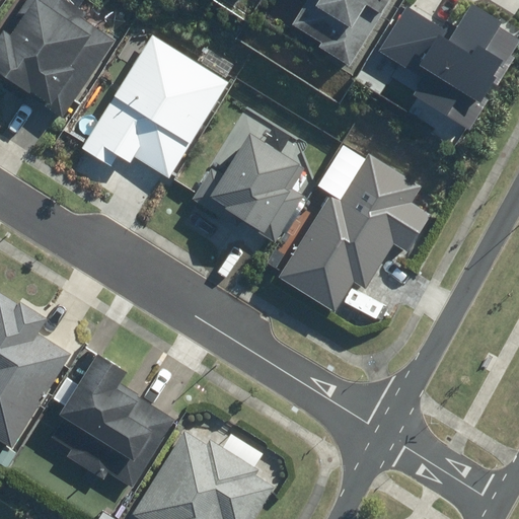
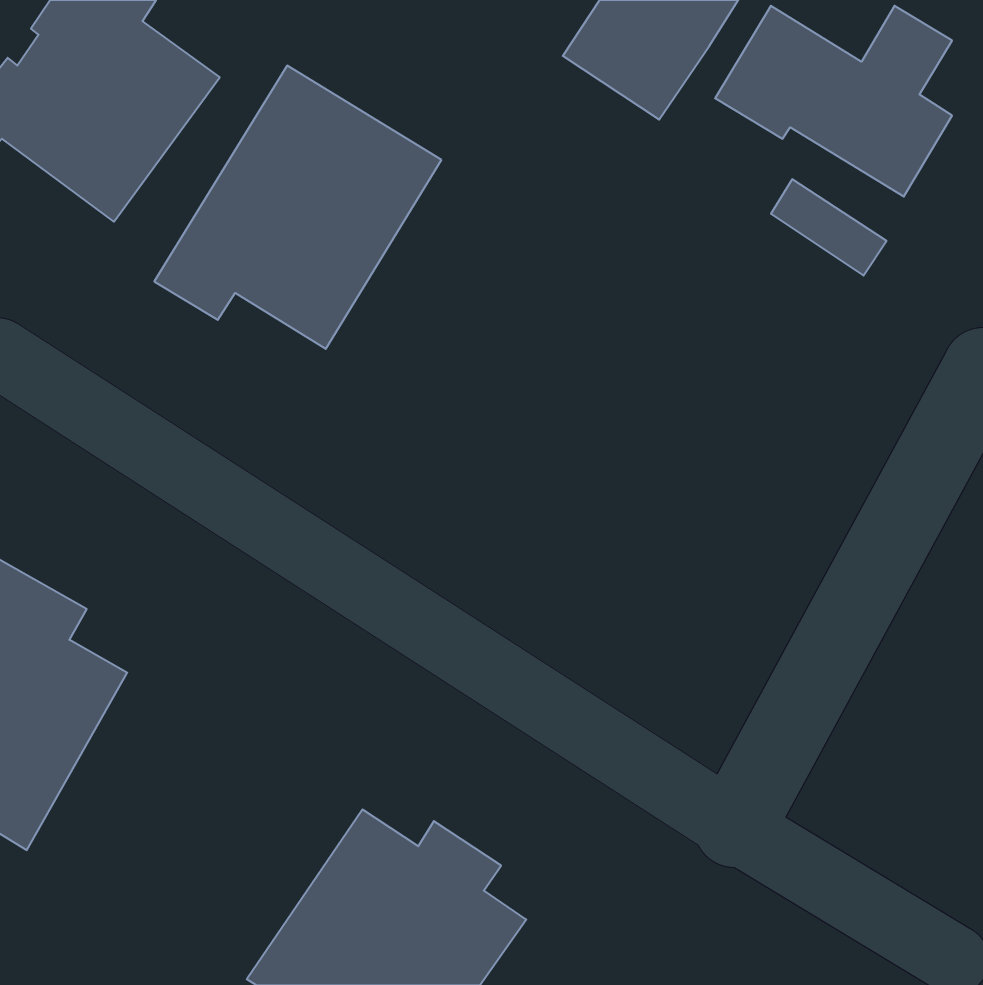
building: [189,130,307,241] -> none
building: [276,152,432,316] -> none
building: [48,355,175,488] -> none

